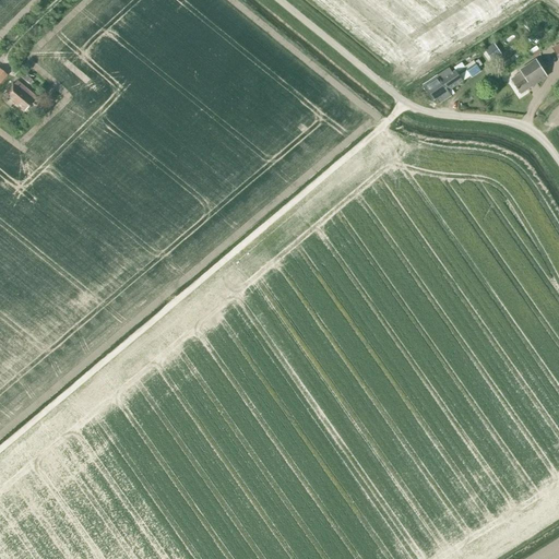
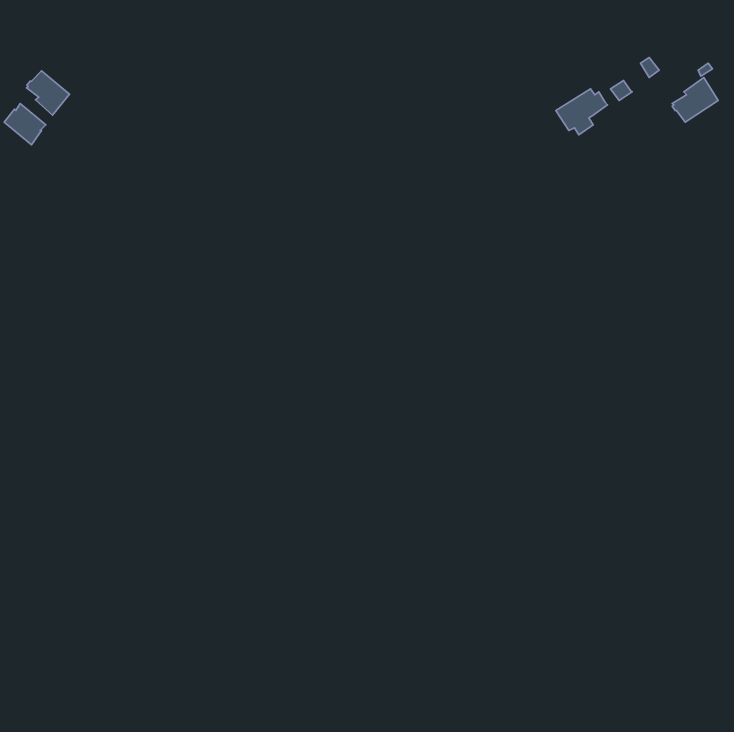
building: none -> [26,71,69,115]

